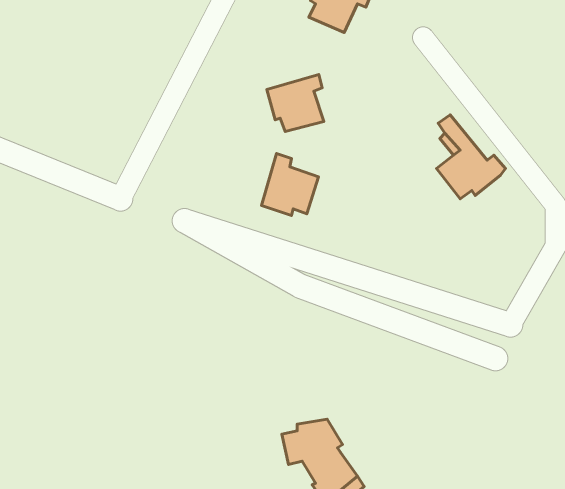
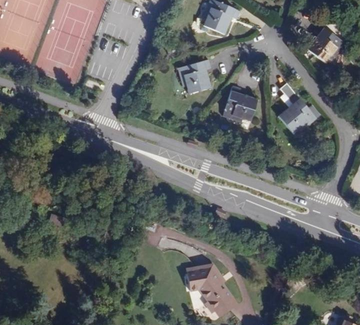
building: none -> [306,23,344,62]
building: [261,153,319,216] -> [223,84,257,121]

